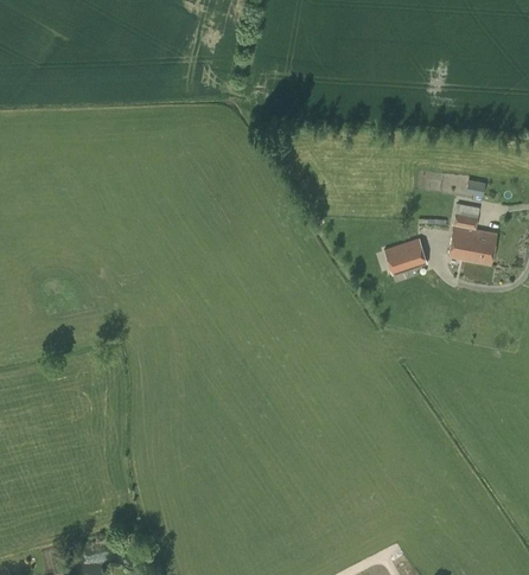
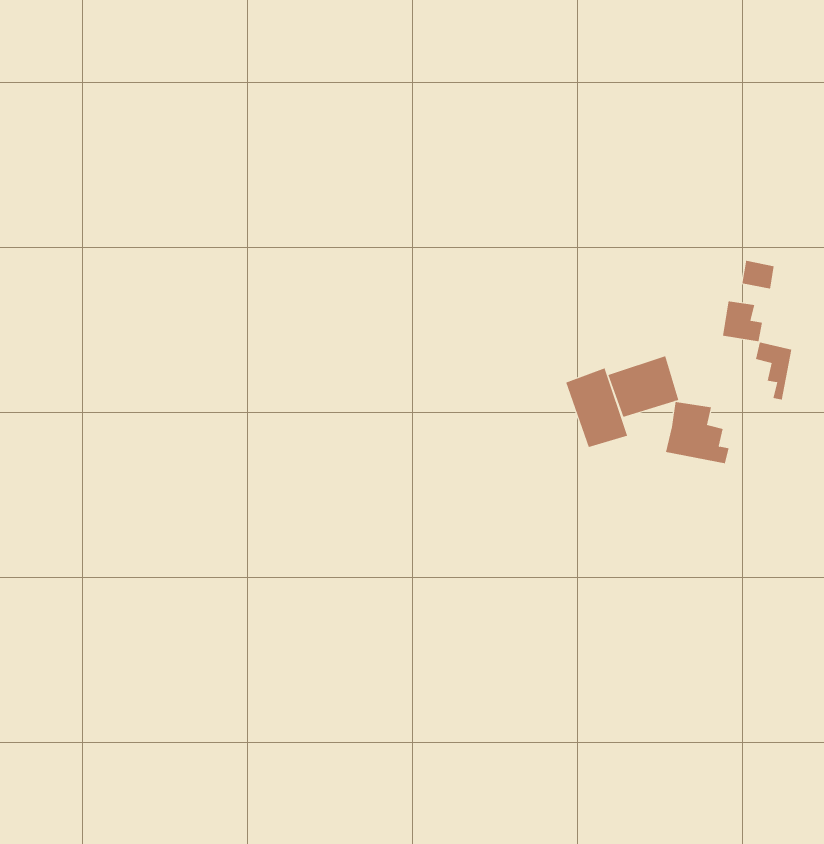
building: [447,225,486,263] -> [665,401,729,464]
building: none -> [565,367,628,448]

